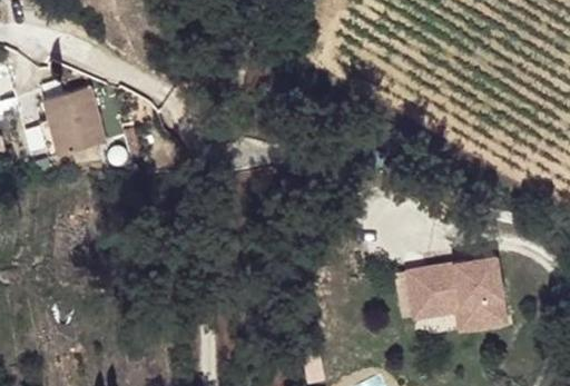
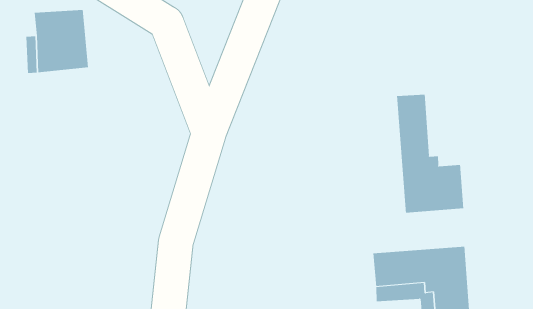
building: none -> [396,94,464,214]

